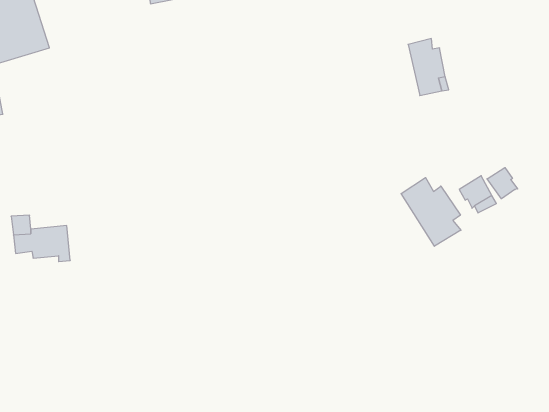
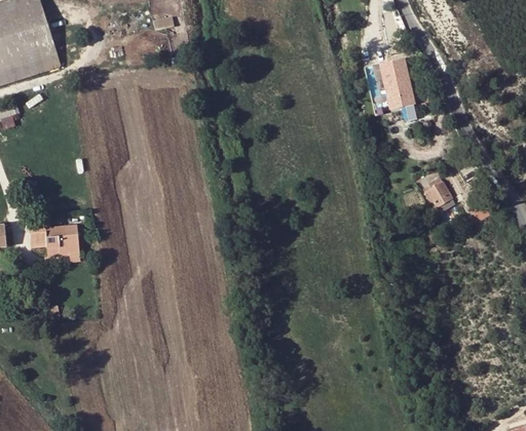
building: [487,168,518,199] -> none
building: [401,178,461,246] -> none

